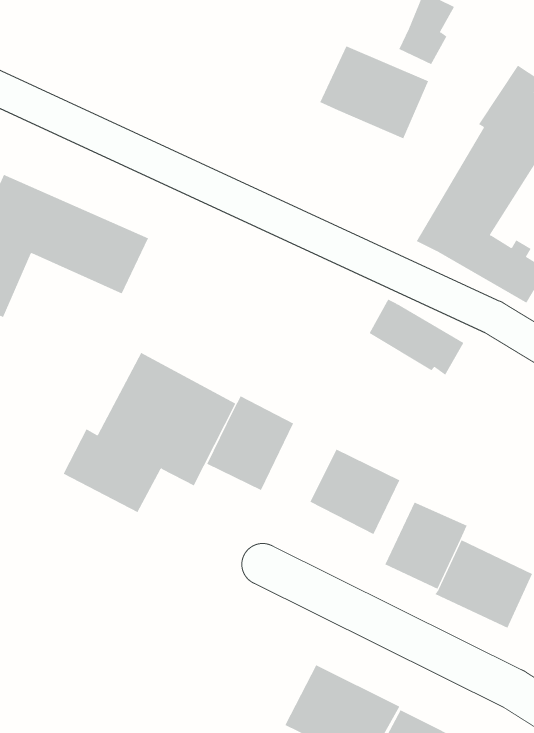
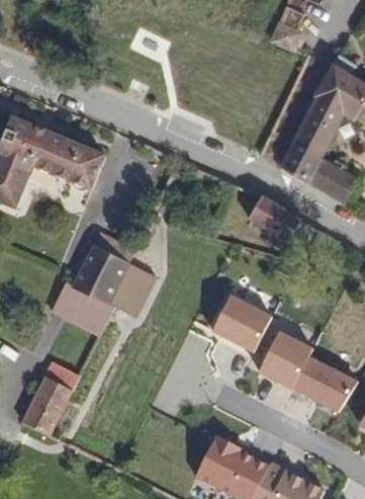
building: [320,46,429,139] -> none
building: [206,395,294,491] -> none
building: none -> [13,369,68,440]

